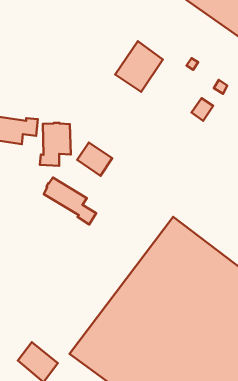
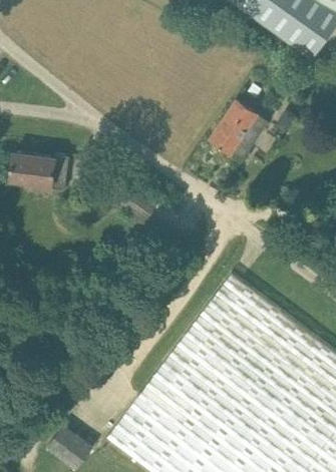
building: [115,41,163,92] -> [210,99,267,160]
building: [40,123,71,166] -> none
building: [44,177,96,225] -> none

